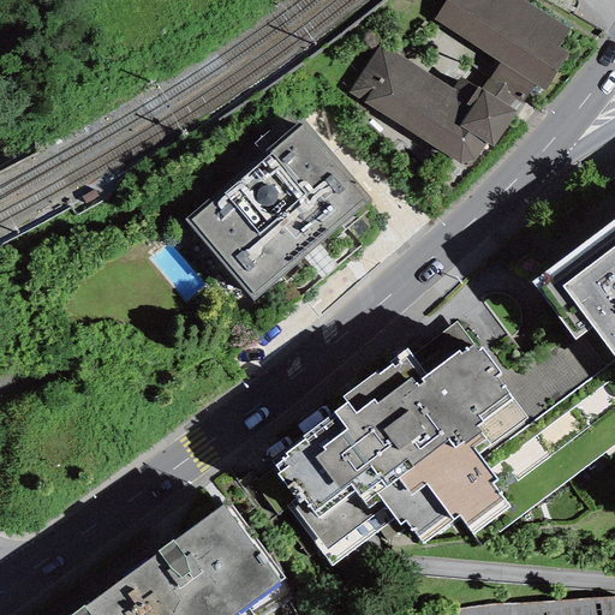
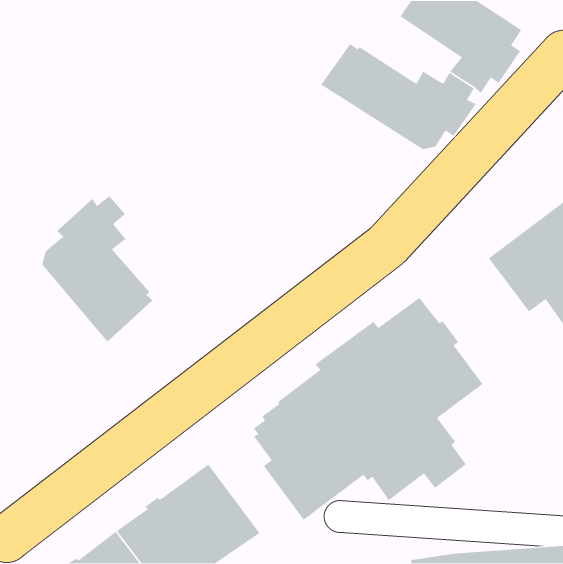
building: [186,121,372,301] -> none
building: none -> [41,195,153,342]

